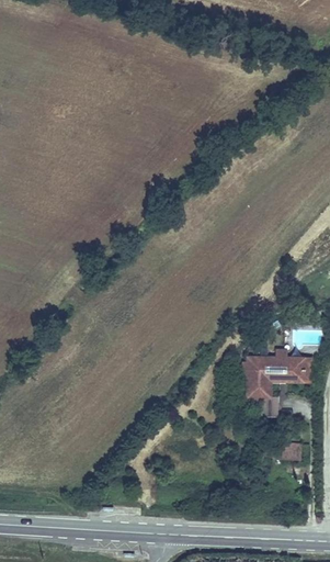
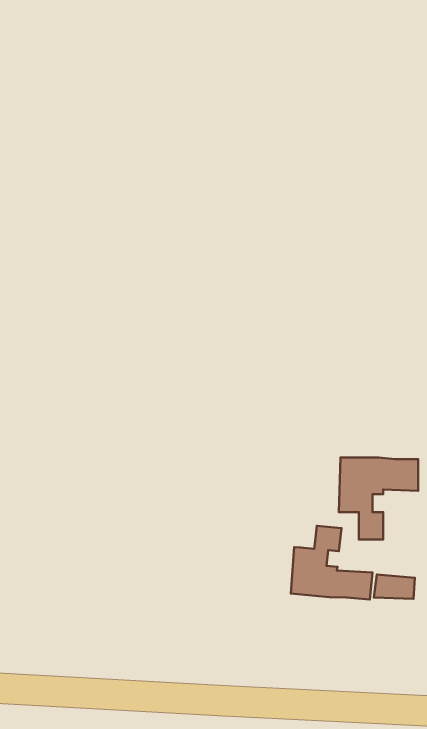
building: none -> [291,526,373,600]

